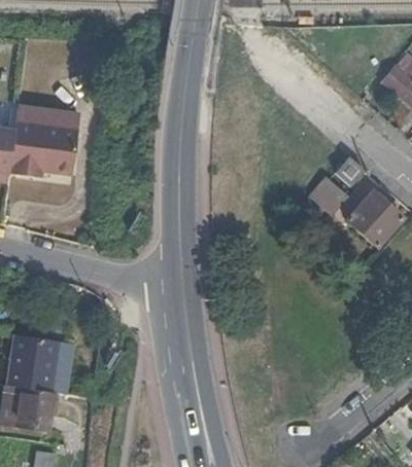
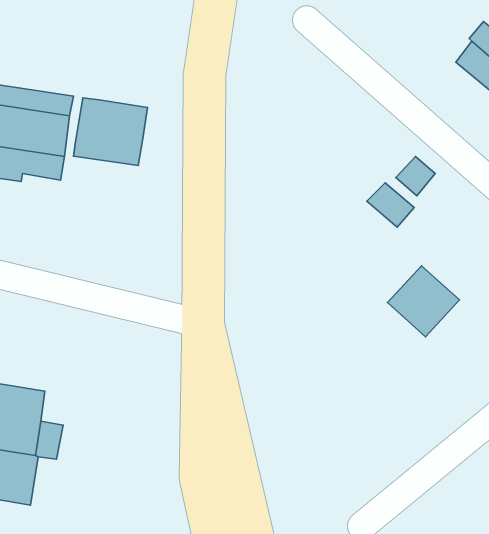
building: none -> [73,98,148,166]
building: [346,193,403,249] -> [388,266,460,337]

